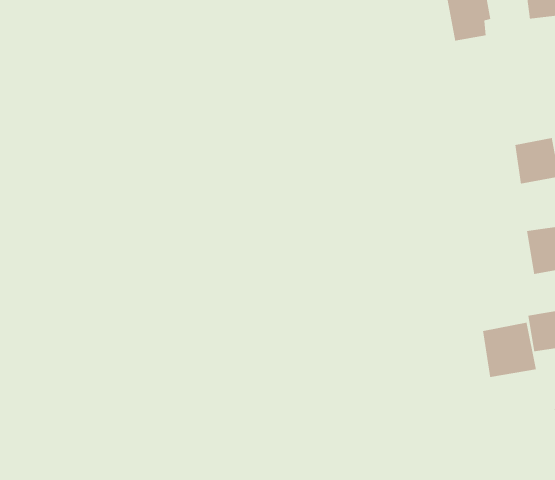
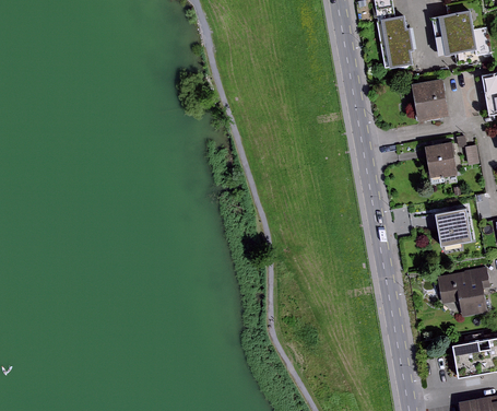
building: none -> [414,80,451,120]
building: [482,322,536,378] -> none

